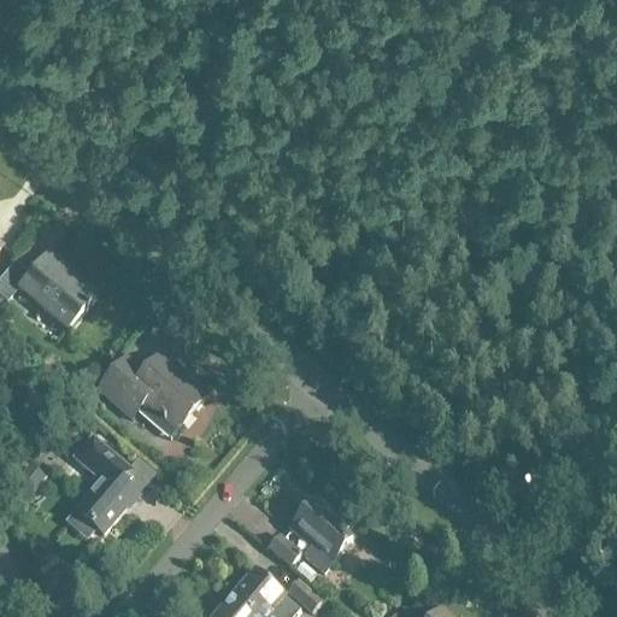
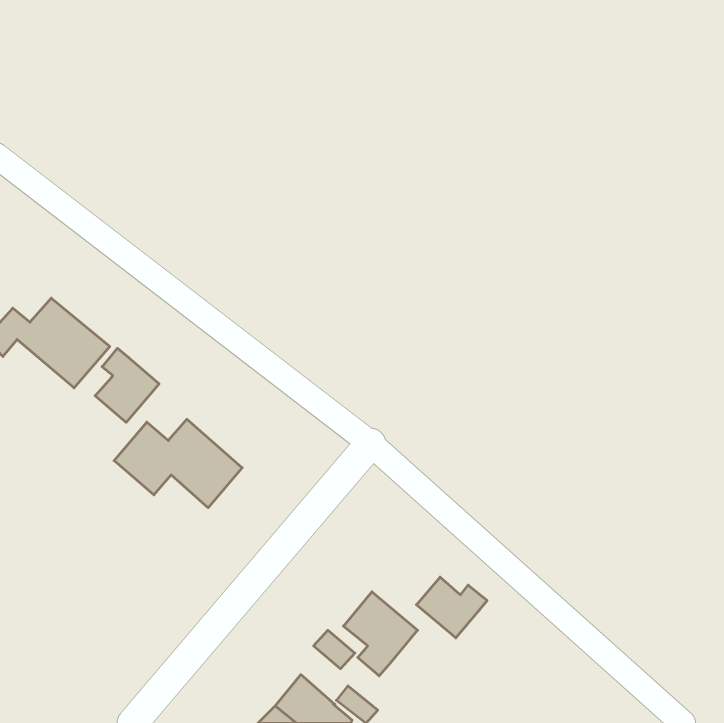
building: none -> [95,348,159,422]
building: [69,429,153,533] -> none
building: none -> [416,577,487,638]

